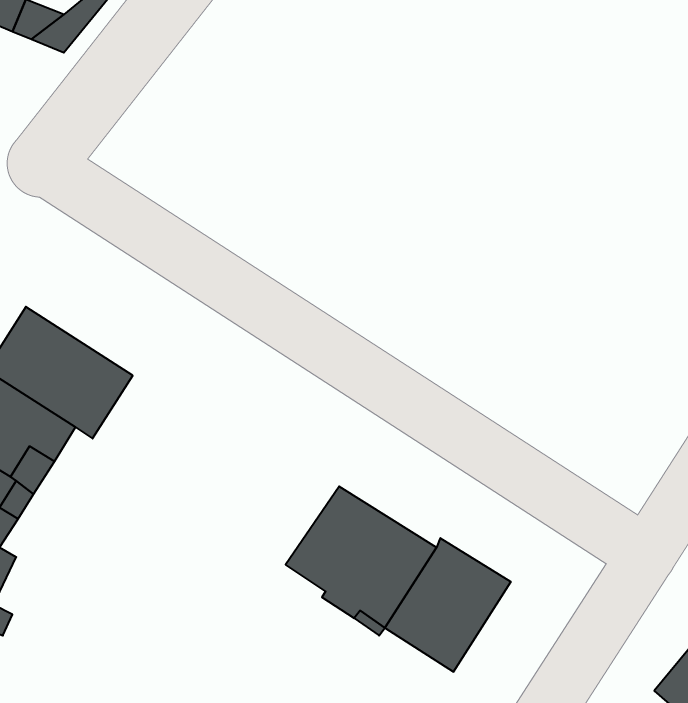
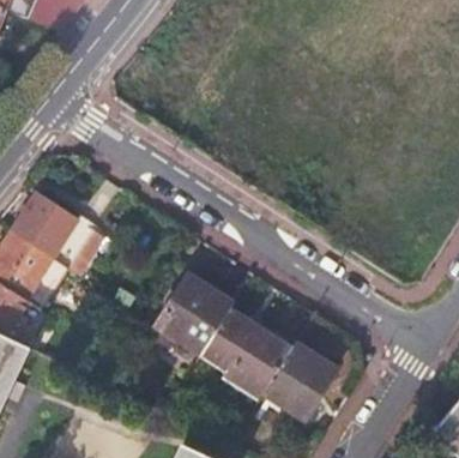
building: none -> [146,269,236,362]

